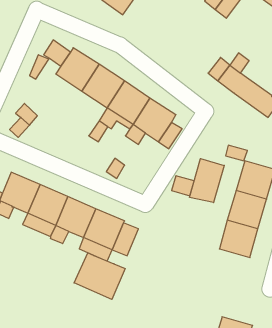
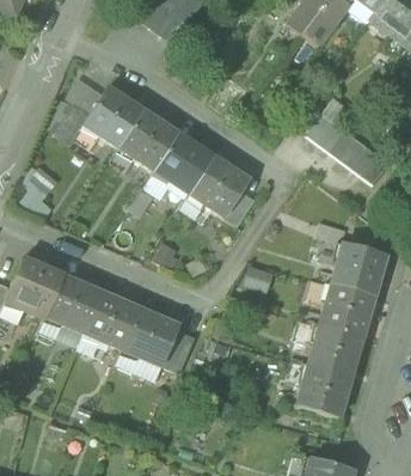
building: none -> [55,102,92,145]
building: [190,159,224,203] -> none
building: none -> [297,364,351,417]
building: [74,253,125,299] -> none

